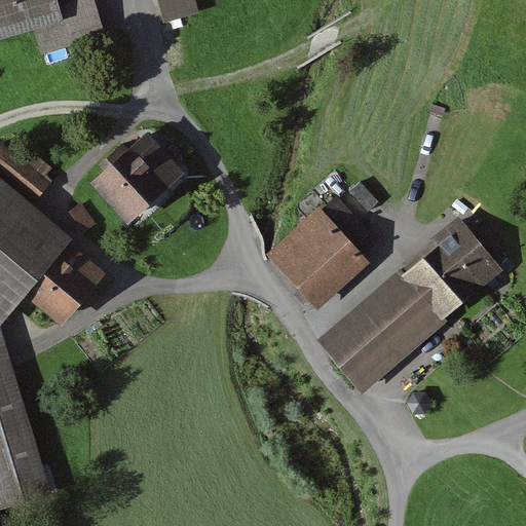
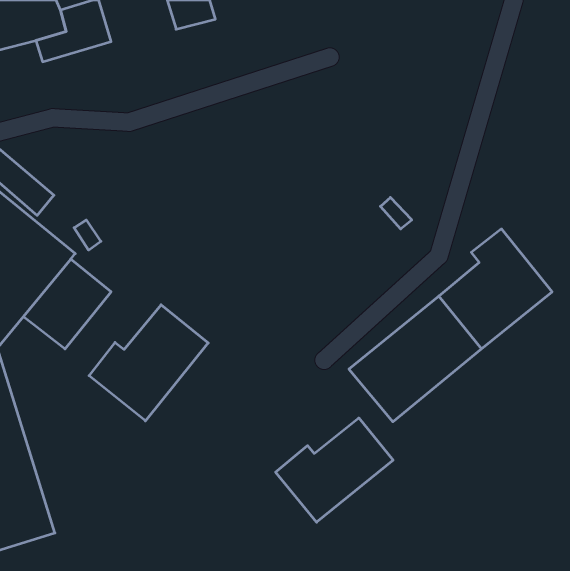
building: [88,128,181,219] -> none
building: [266,194,372,309] -> none
building: none -> [89,305,208,421]
building: none -> [276,418,393,522]

